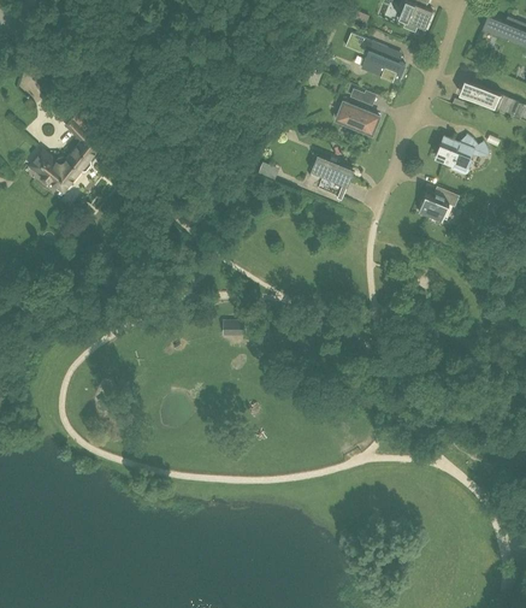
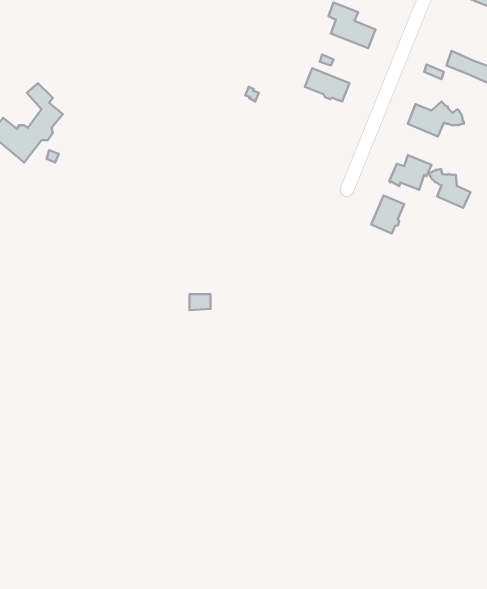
building: [311,154,351,197] -> none
building: none -> [428,169,471,208]
building: none -> [371,195,404,233]

